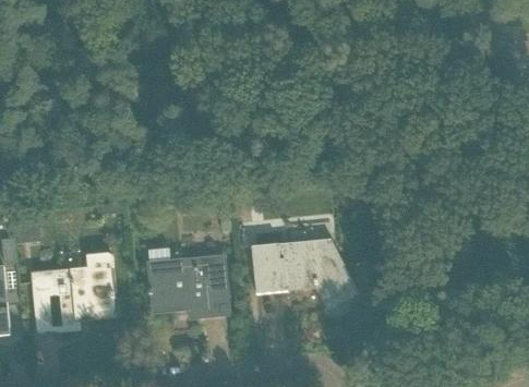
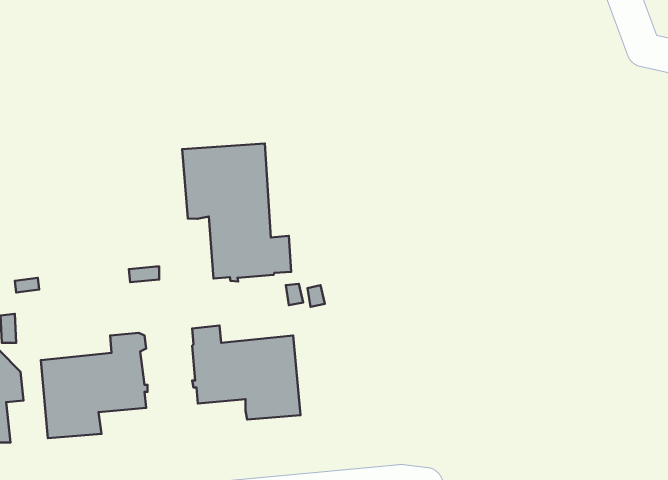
building: none -> [182,144,291,281]
building: [251,239,354,304] -> none

